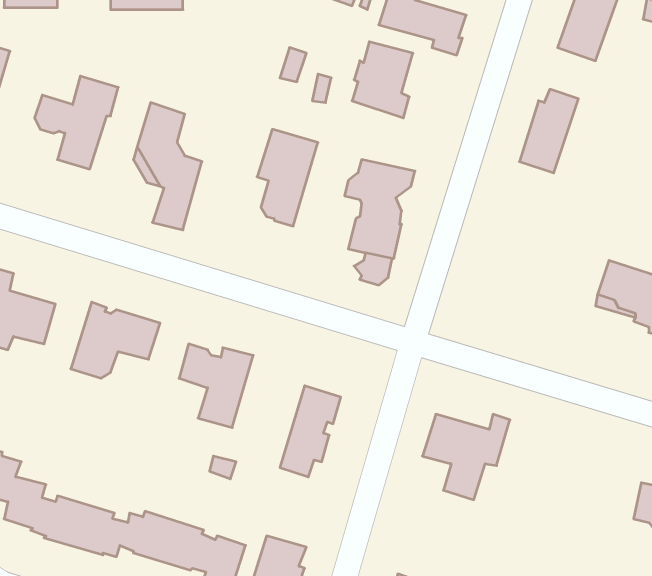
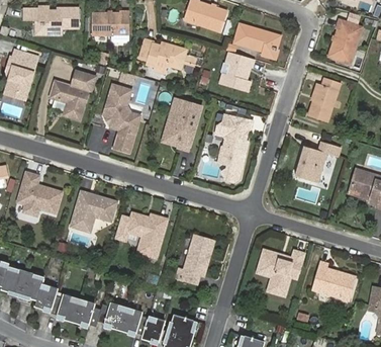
building: none -> [138,40,186,70]
building: none -> [295,141,340,182]
building: none -> [311,260,356,300]

